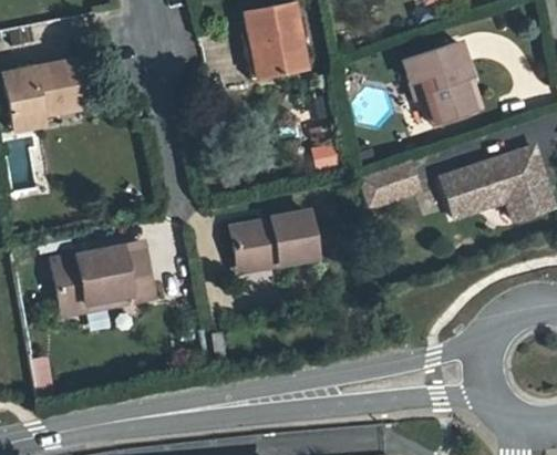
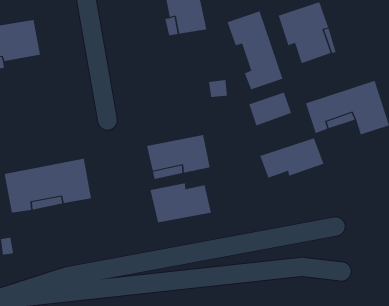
building: none -> [227,10,283,90]
building: none -> [260,137,324,178]
building: none -> [150,183,212,223]

